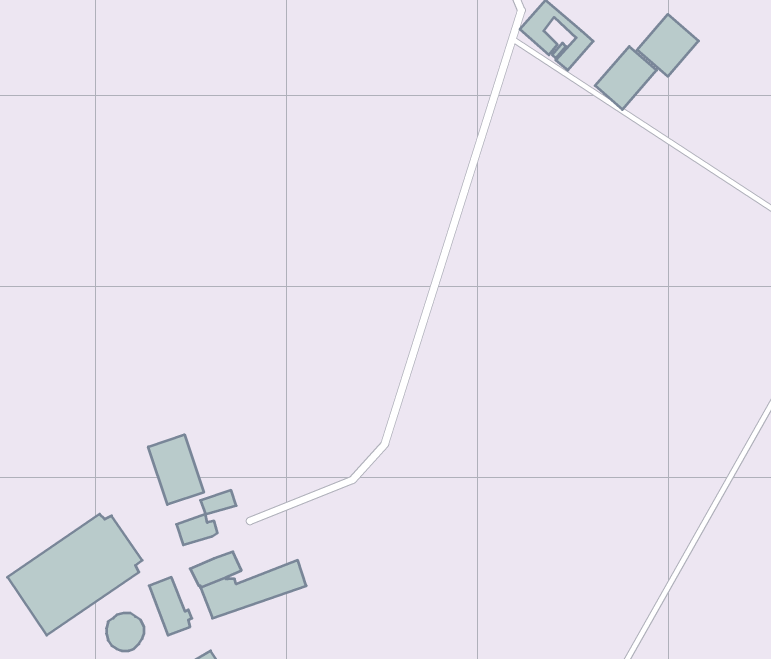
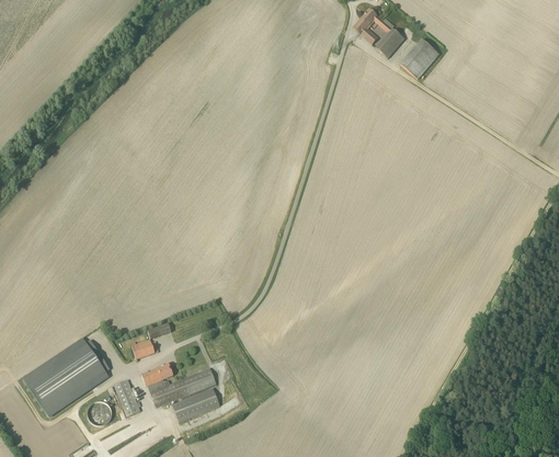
building: [637,14,699,76] -> none
building: [148,435,204,505] -> none
building: none -> [173,388,220,421]

